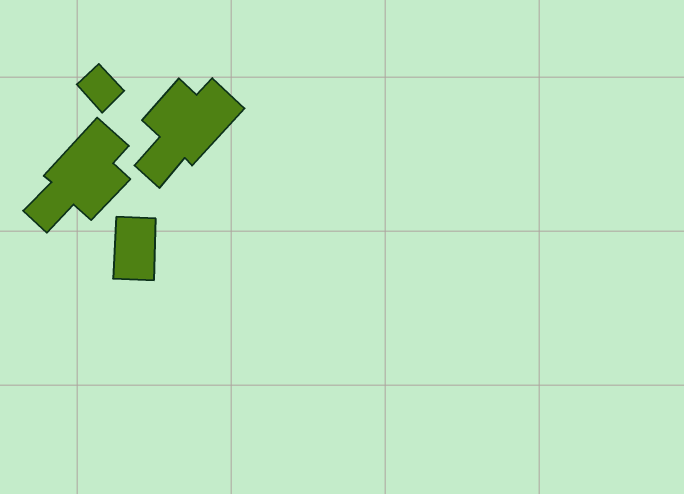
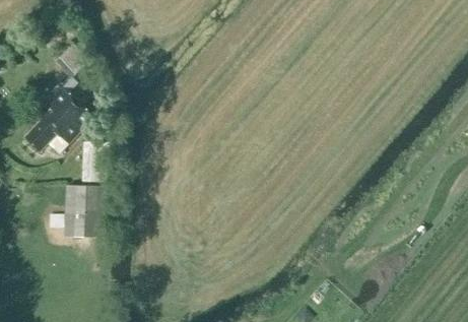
building: [134,78,245,188] -> none
building: none -> [65,185,106,238]

